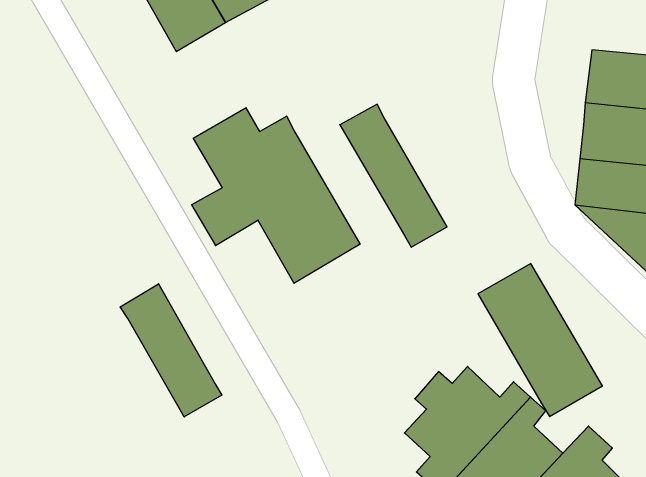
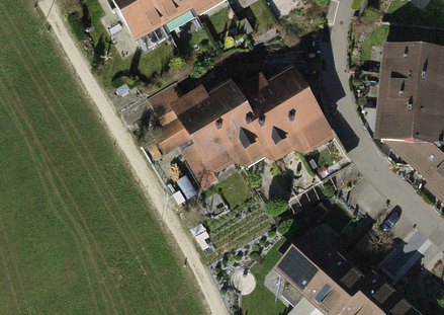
building: none -> [208,77,274,164]
building: [478,263,602,417] -> [262,64,336,155]
building: [120,284,222,417] -> none

